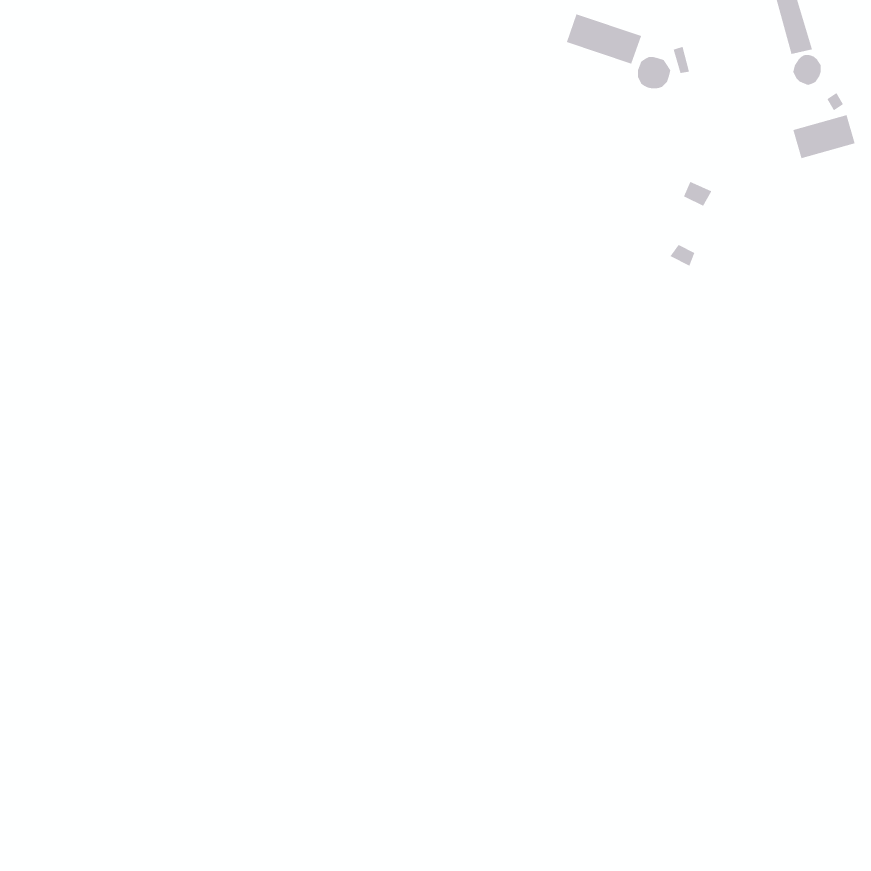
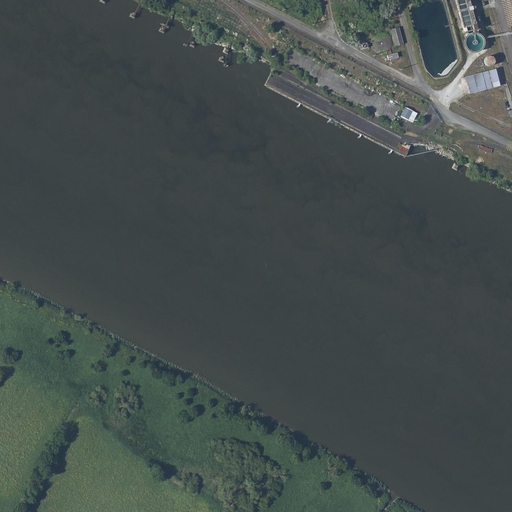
building: [566,14,642,64] -> none

